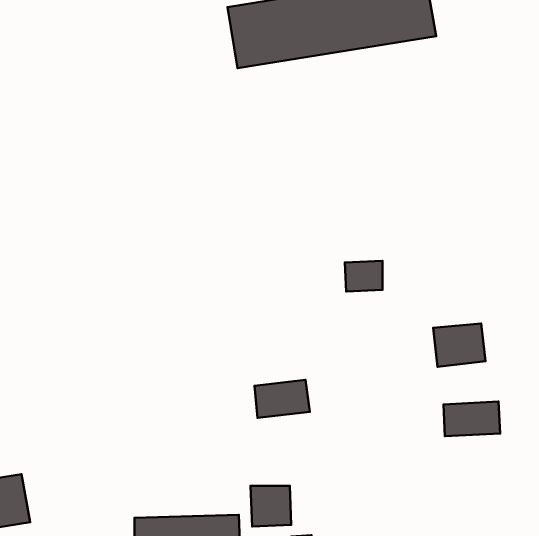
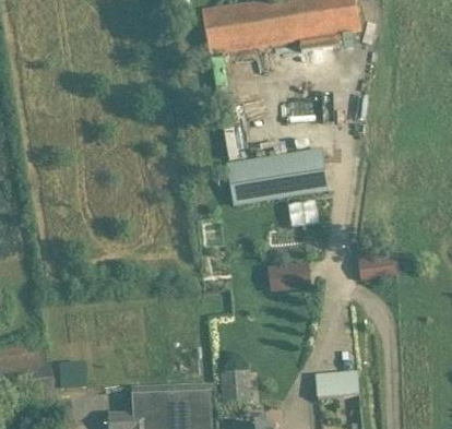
building: none -> [228,145,329,200]
building: [255,380,310,418] -> [267,262,309,290]
building: [444,401,500,436] -> [317,368,359,394]

